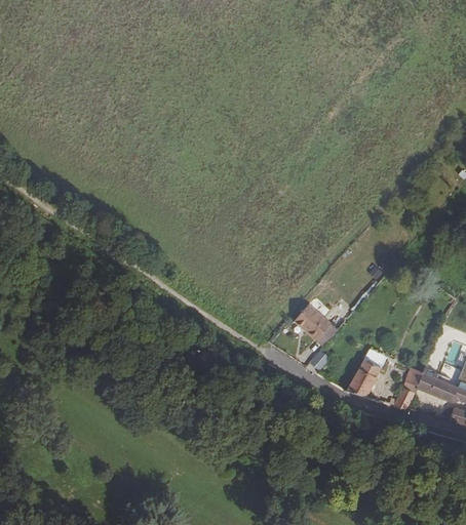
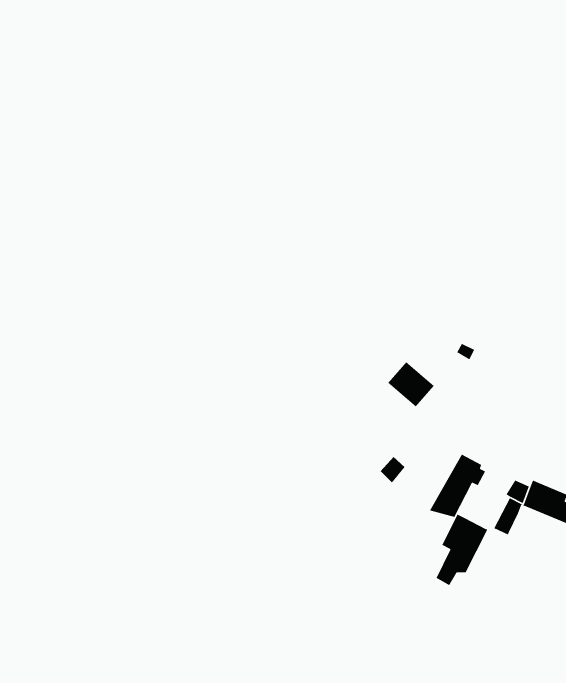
building: [297,306,333,340] -> [387,361,435,408]
building: none -> [436,513,488,586]

